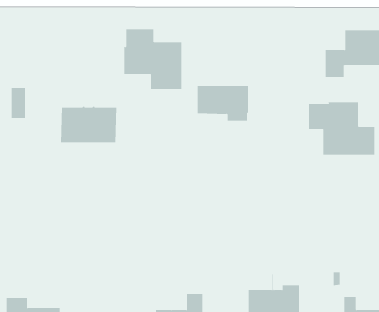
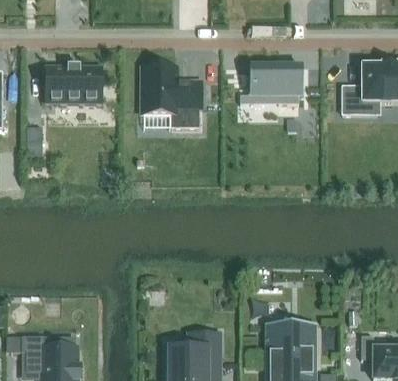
building: [197,85,249,121] -> [248,66,300,102]
building: [309,101,375,156] -> none
building: [60,106,117,143] -> [45,64,102,101]

